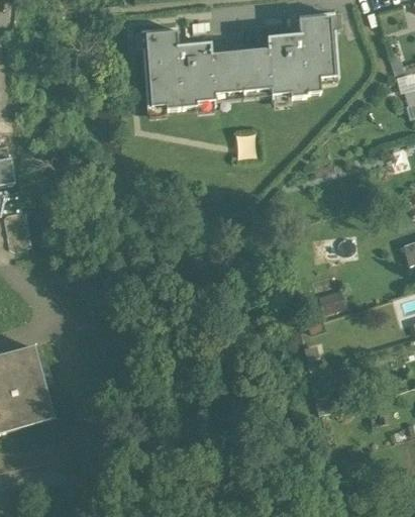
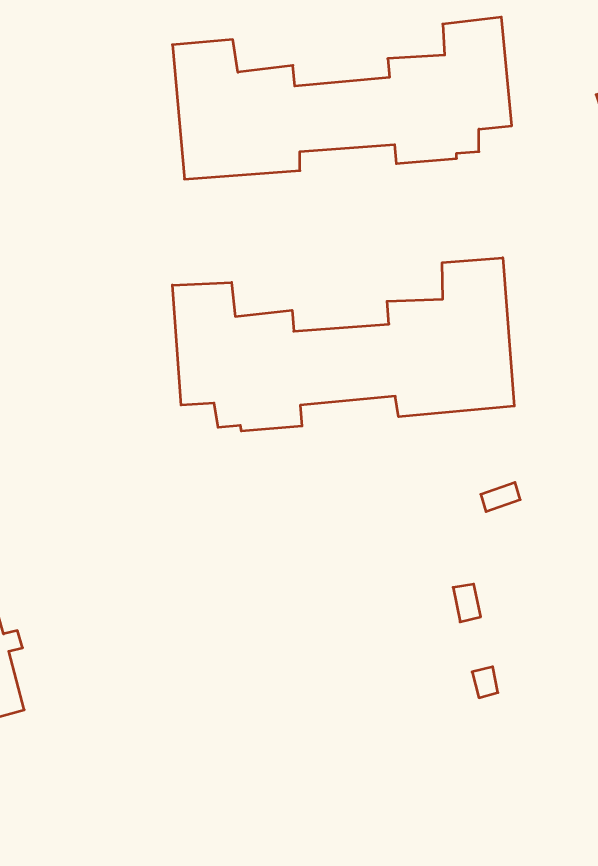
building: none -> [172,258,514,431]

